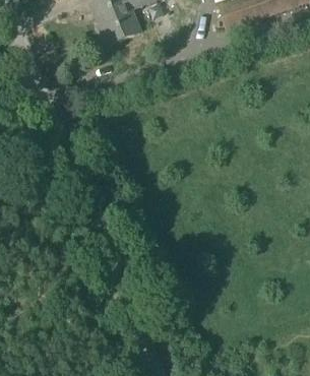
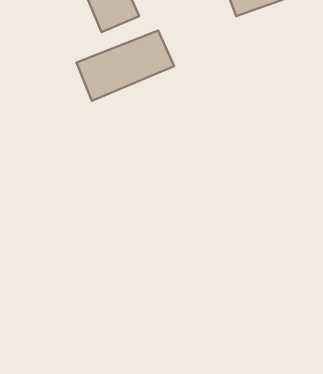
building: none -> [76,30,174,101]

